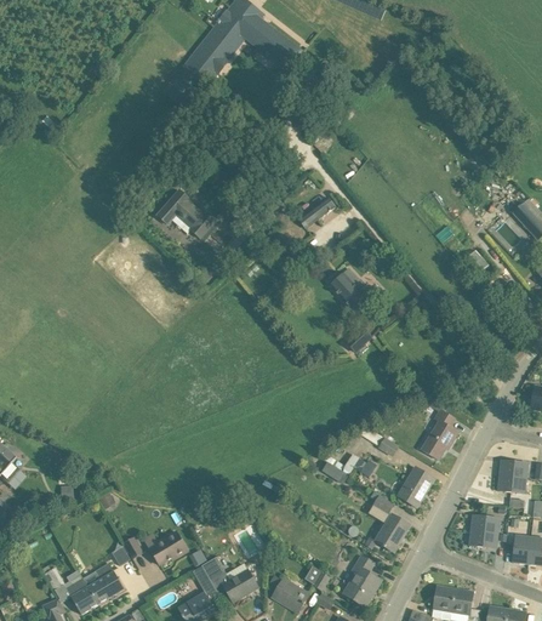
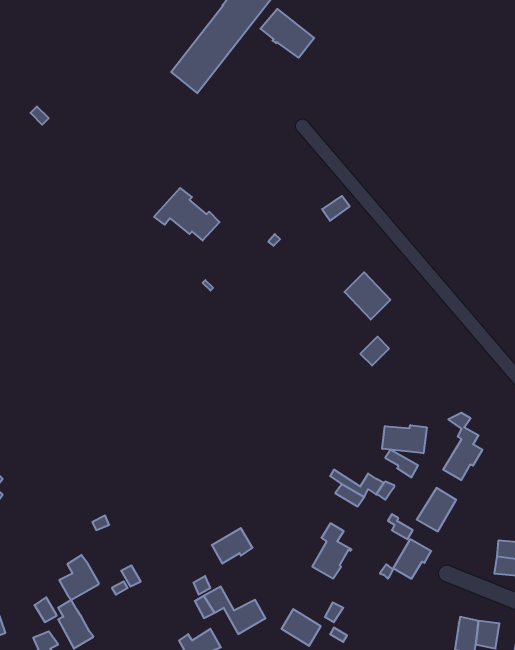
building: none -> [382,425,427,453]
building: [149,531,187,564] -> [212,528,253,564]
building: [344,554,381,605] -> [312,523,352,578]
building: [87,562,124,603] -> [59,555,99,600]

